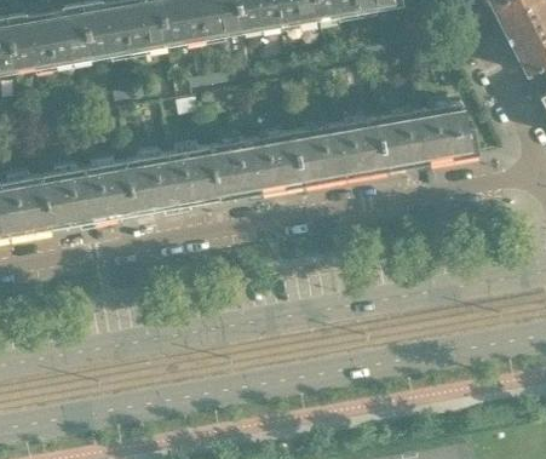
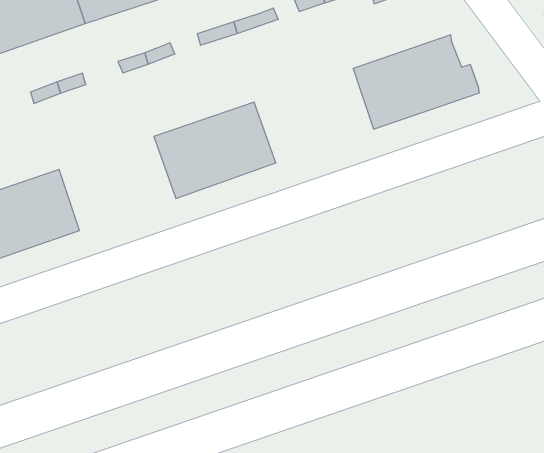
building: [294,117,387,184] -> none
building: [127,147,218,213] -> none

